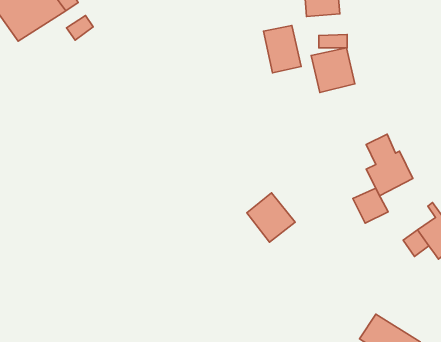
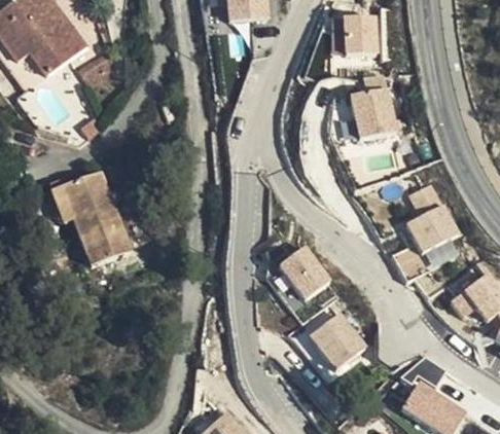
building: [264,25,301,73] -> none
building: none -> [50,176,129,267]
building: none -> [310,313,366,369]

